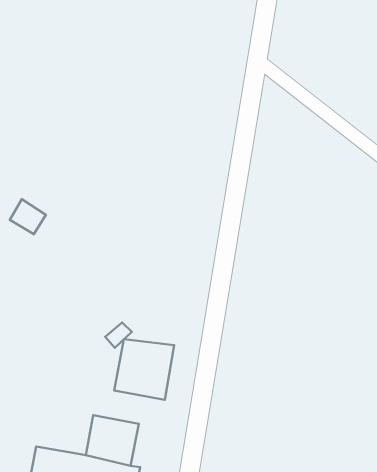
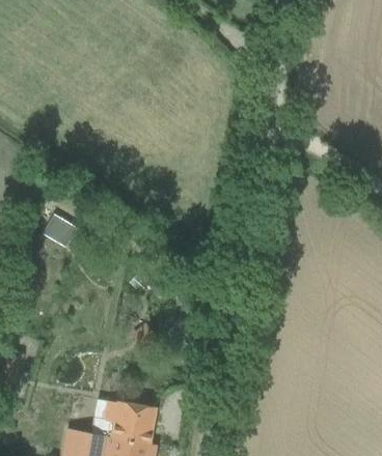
building: [114,339,174,400] -> none

